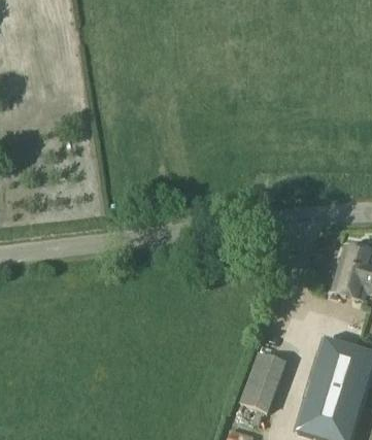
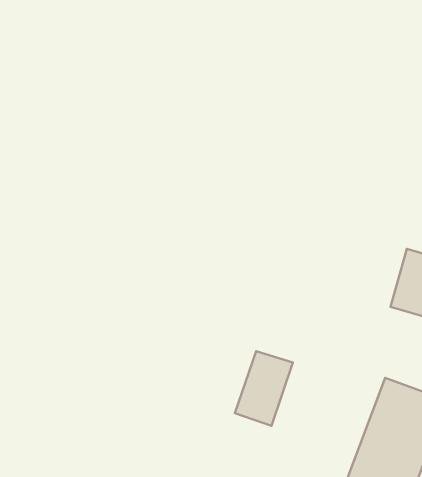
building: [239,350,286,411] -> [235,351,293,426]

